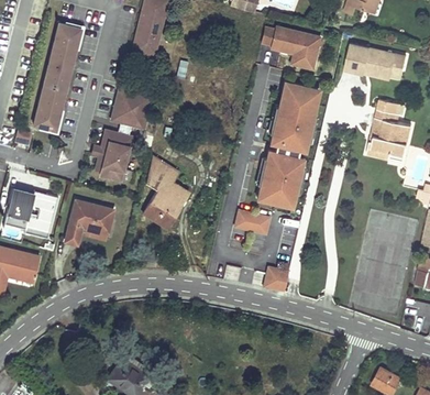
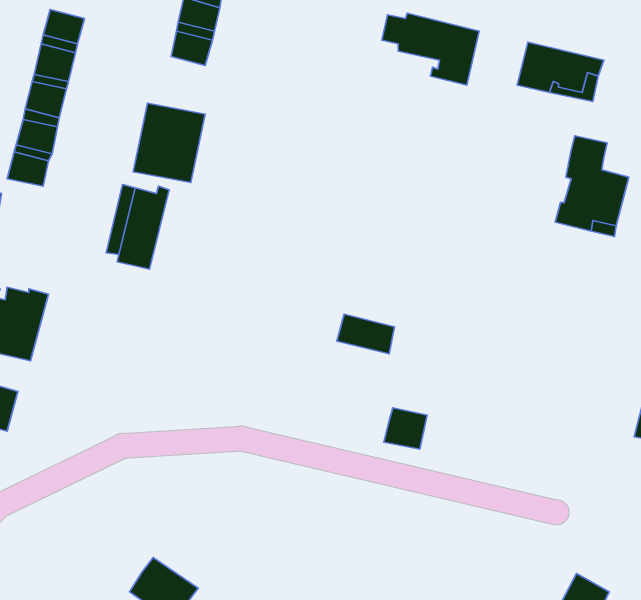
building: [255,80,320,207] -> none
building: [144,155,188,228] -> none
building: [65,200,113,244] -> none

